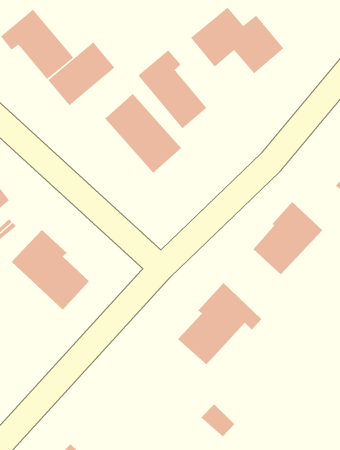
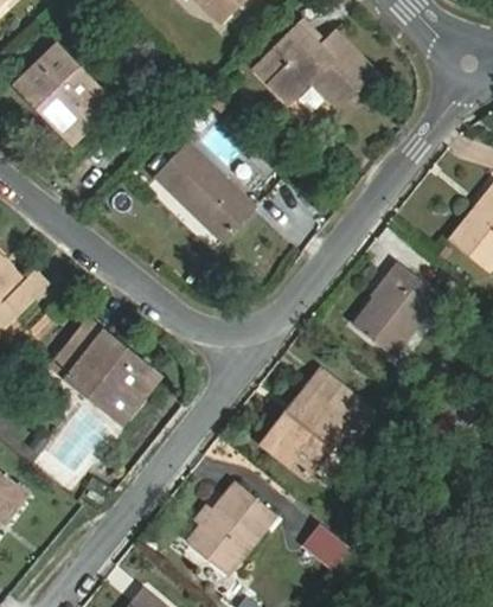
building: [47,41,115,106] -> none
building: [137,49,207,129] -> none
building: none -> [186,481,274,574]

